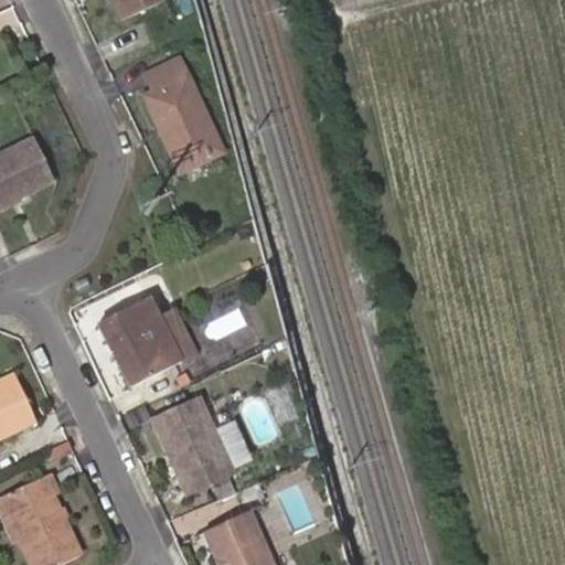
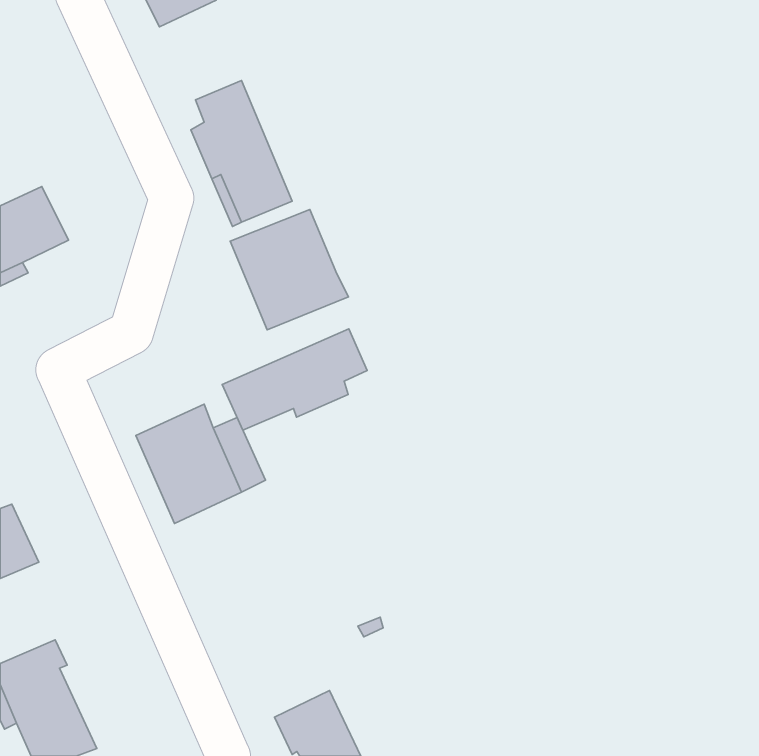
building: none -> [230,209,348,330]
building: none -> [222,329,367,430]
building: [152,396,232,492] -> none

